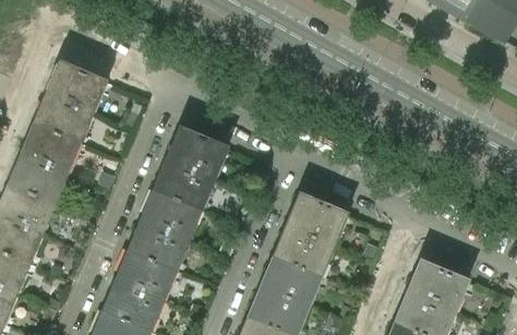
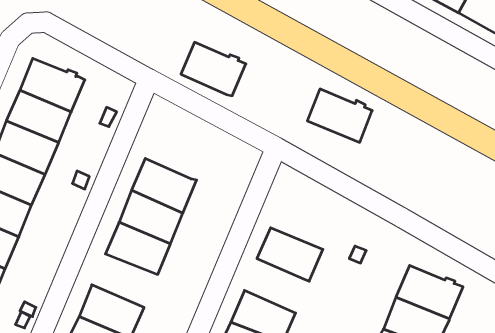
building: [166,128,228,179] -> [181,42,246,96]
building: [286,194,348,246] -> [307,89,372,142]
building: [115,250,178,301] -> none
building: [261,254,323,307] -> none

